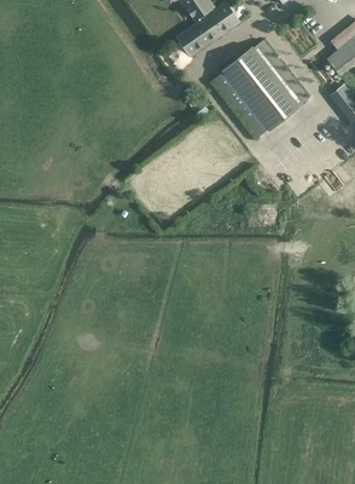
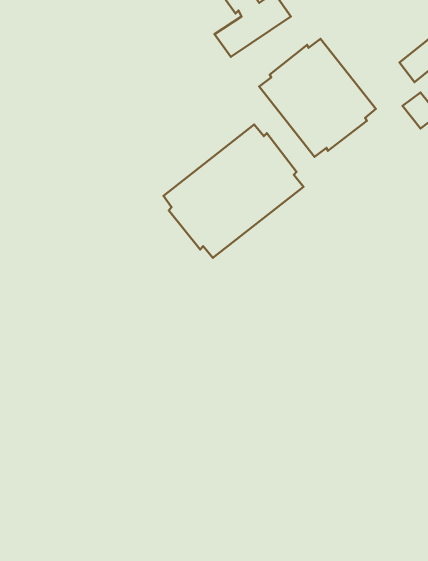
building: none -> [164,124,303,258]

